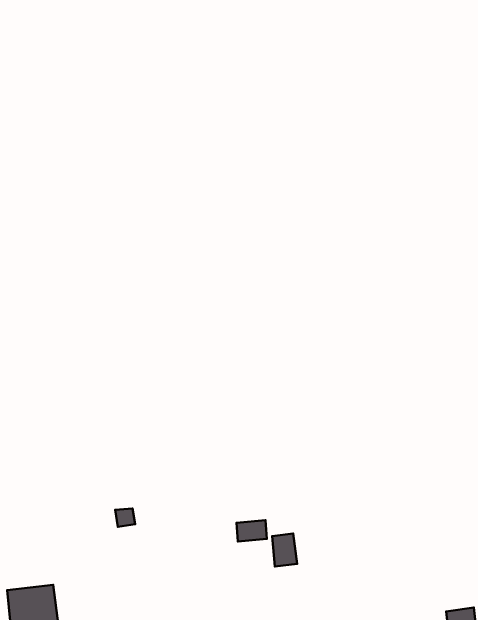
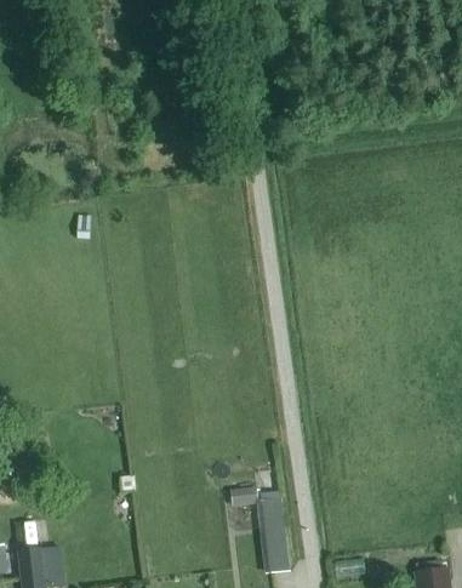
building: none -> [261,529,285,570]

